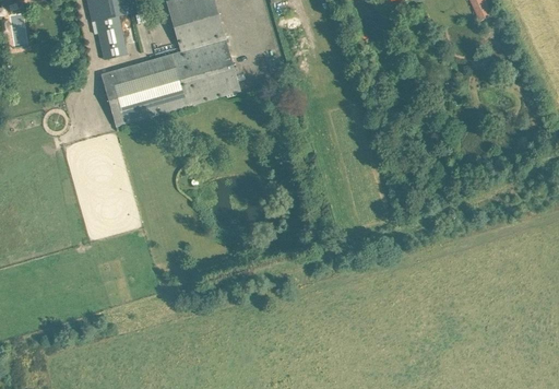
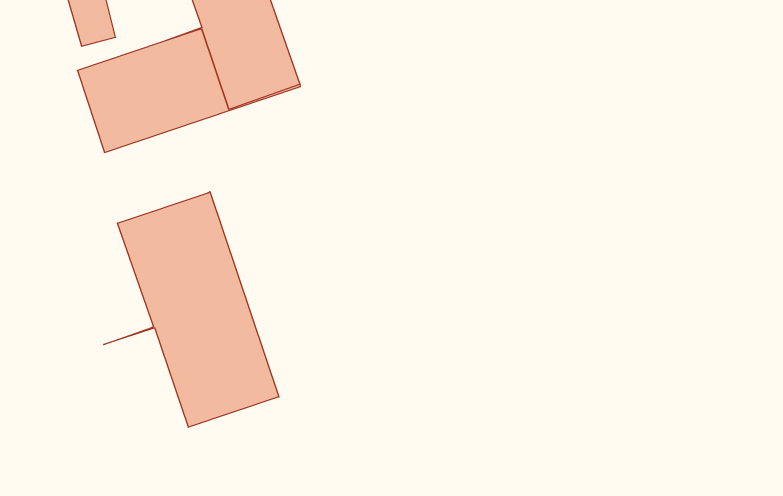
building: none -> [104,192,279,427]

